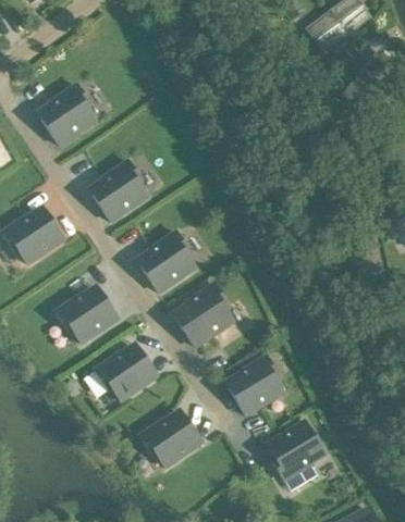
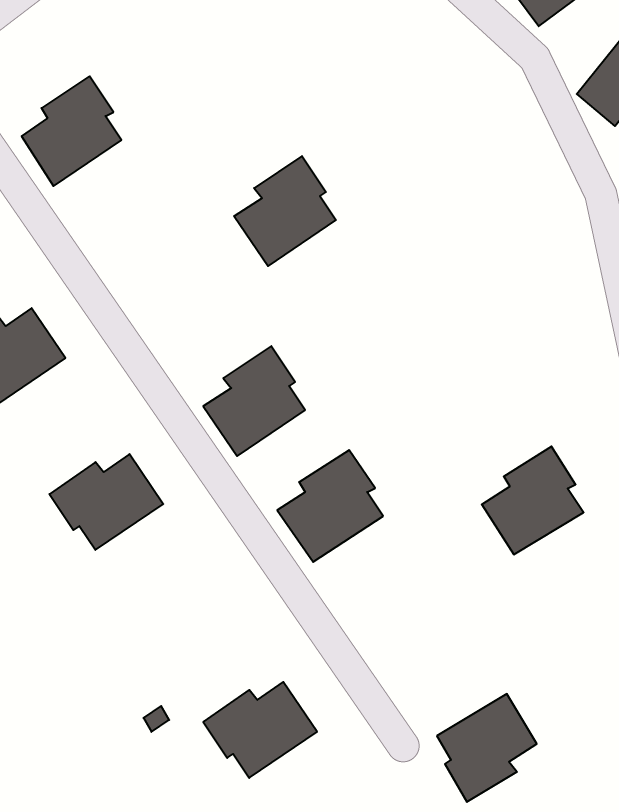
building: [91,160,147,220] -> [234,156,336,266]
building: [95,347,157,399] -> none
building: [228,355,283,413] -> [482,446,584,554]

